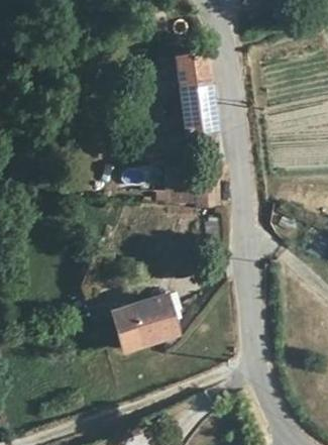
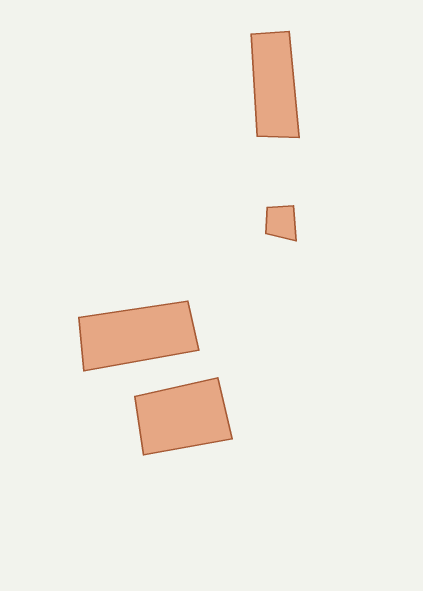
building: none -> [79,301,199,371]

